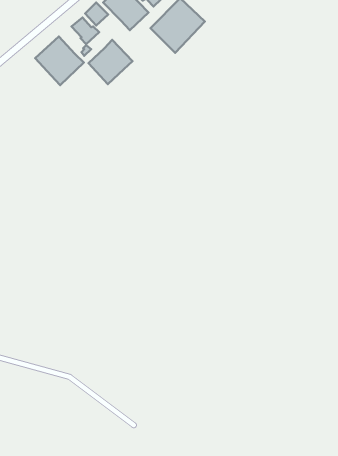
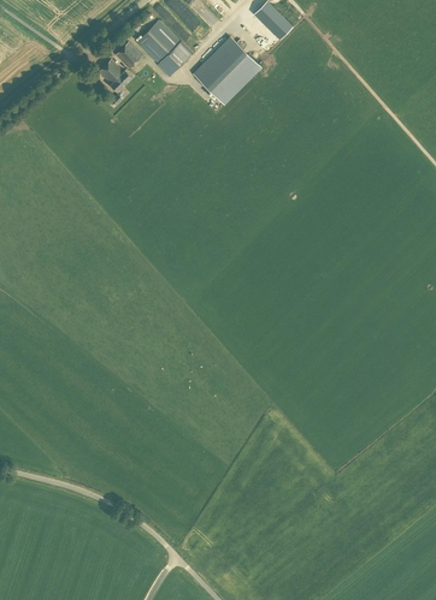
building: [35,36,84,85] -> none
building: [88,40,133,84] -> none

